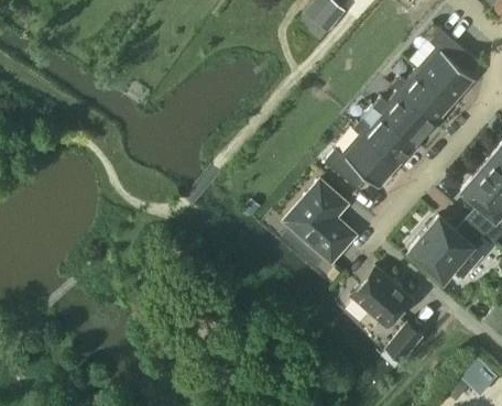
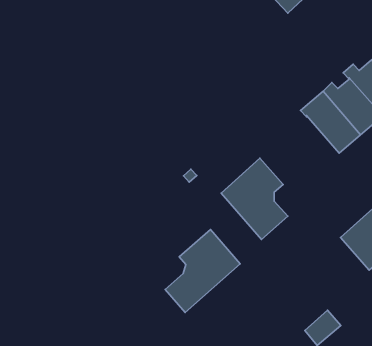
building: [325,133,397,191] -> none
building: none -> [165,229,240,312]
building: [350,267,412,327] -> none

